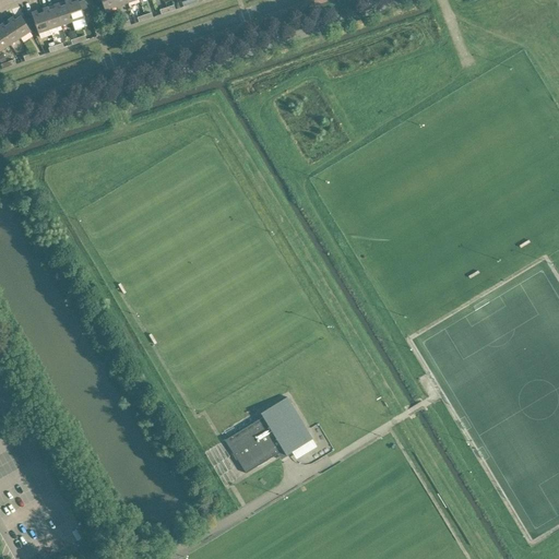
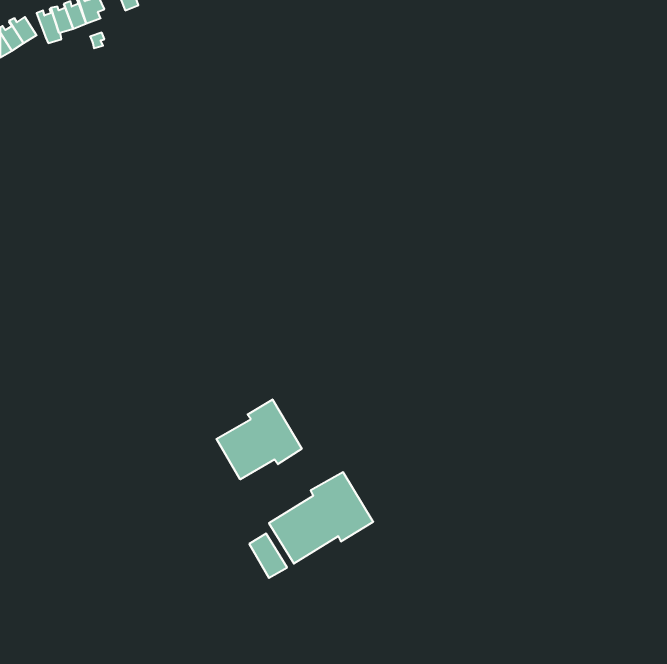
building: none -> [216,399,302,479]

